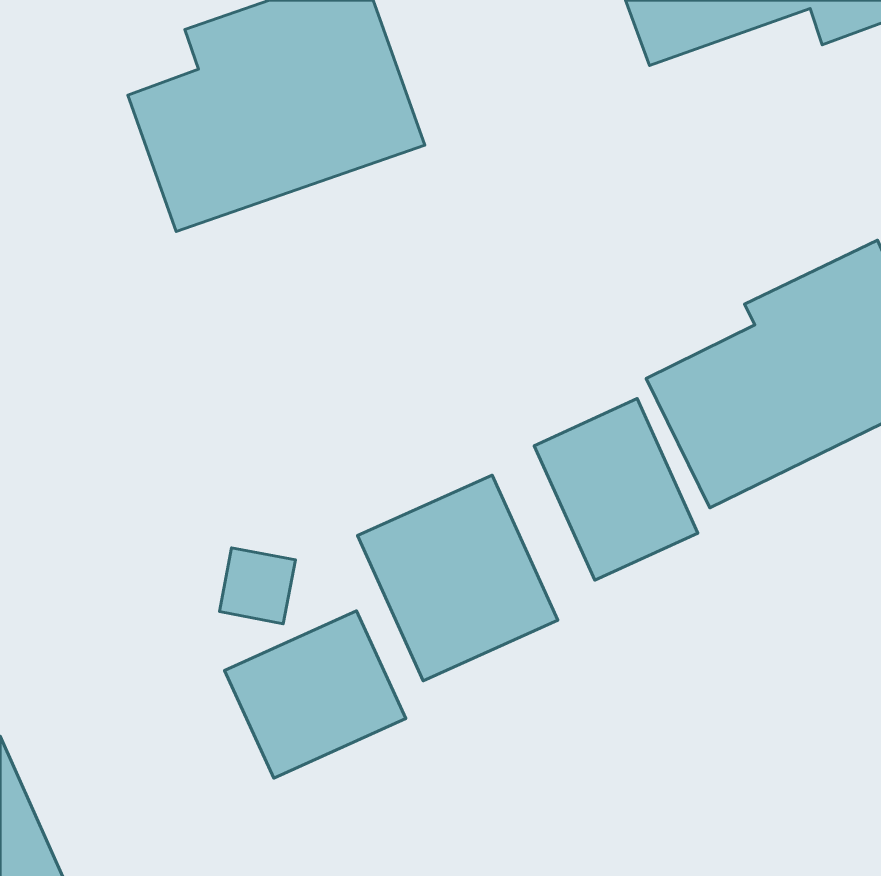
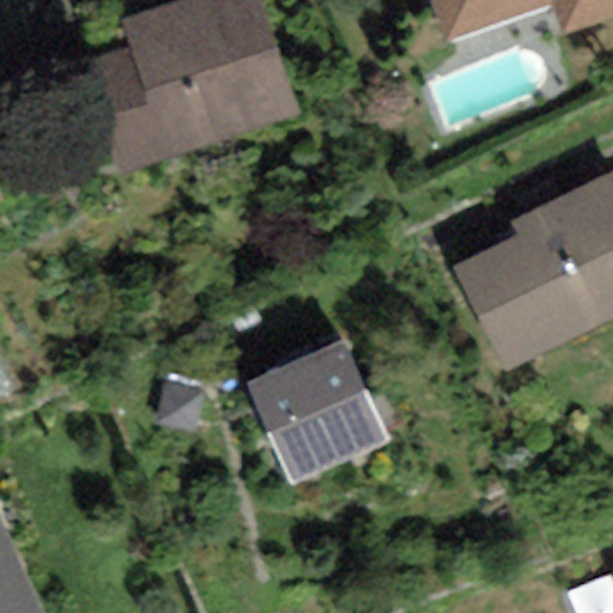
building: [534,399,698,580] -> none
building: [225,611,406,778] -> none

